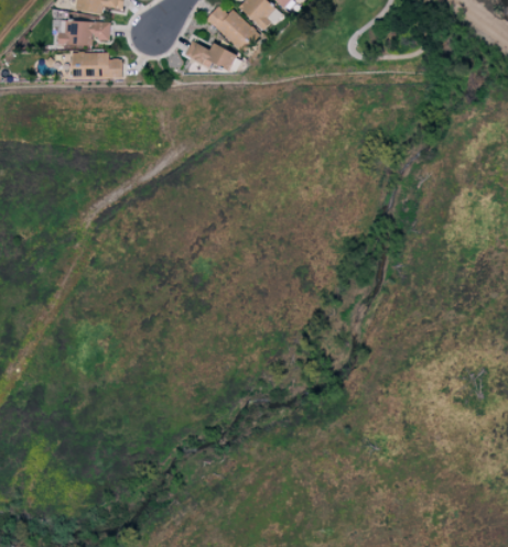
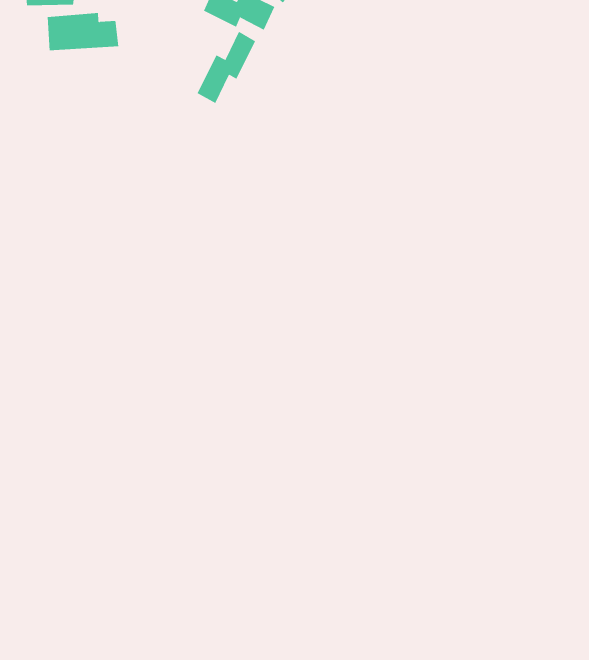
building: none -> [197,31,256,104]

